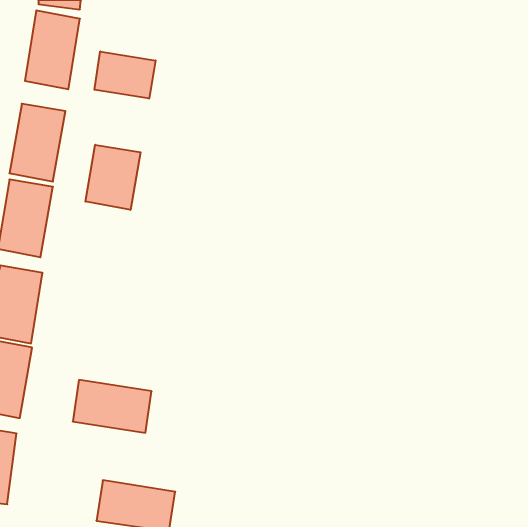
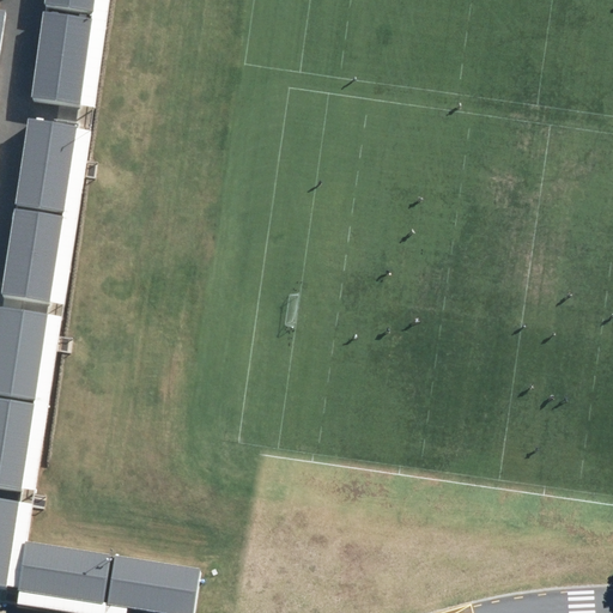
building: [94,51,156,99] -> none
building: [85,145,141,210] -> none
building: [73,380,152,433] -> [19,542,110,603]

